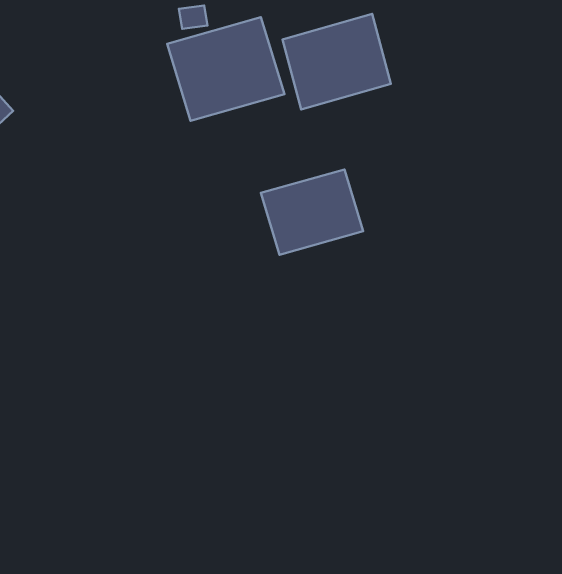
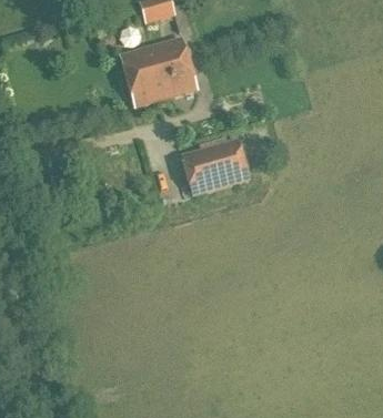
building: [283,14,391,109] -> none

